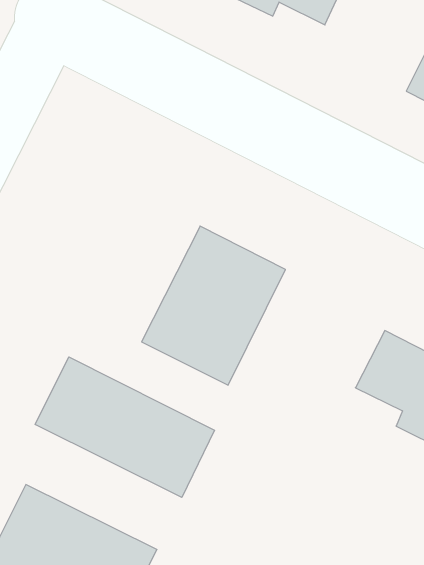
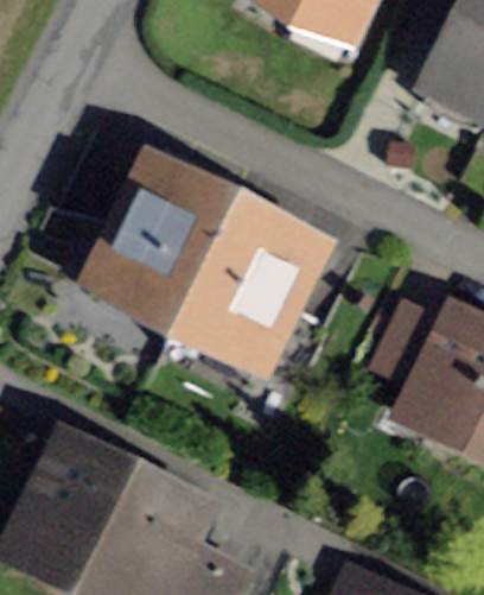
building: none -> [95,176,229,324]
building: [35,357,215,497] -> none

